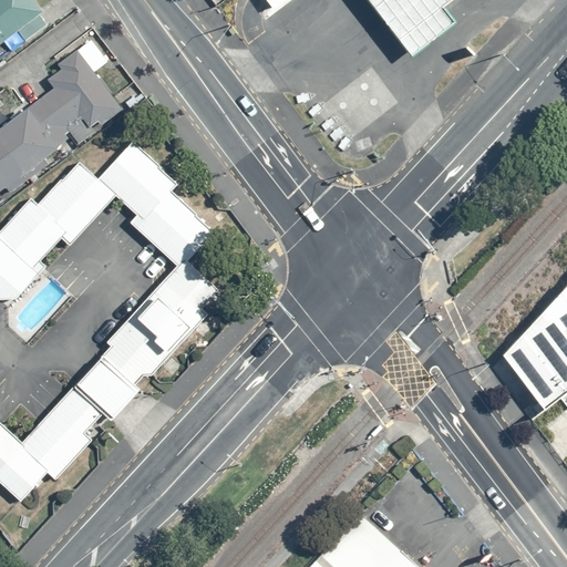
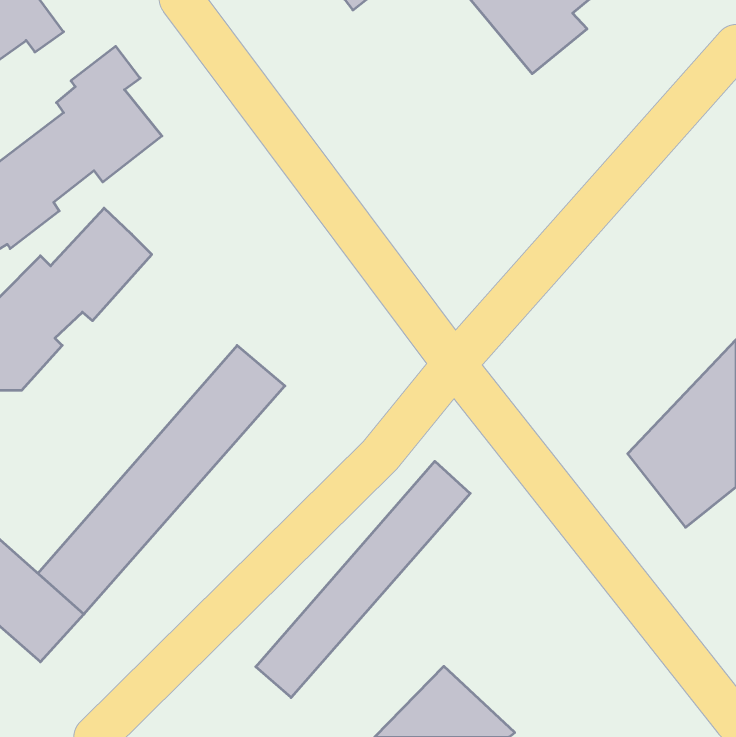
building: [101,145,213,265] -> none
building: none -> [256,461,470,698]

